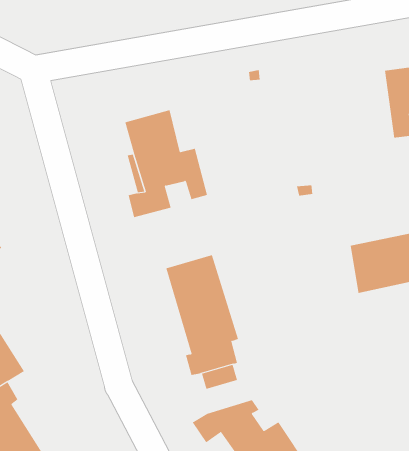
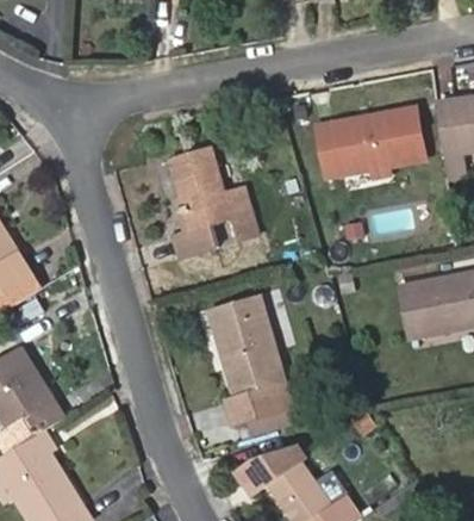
building: none -> [316,108,425,178]

